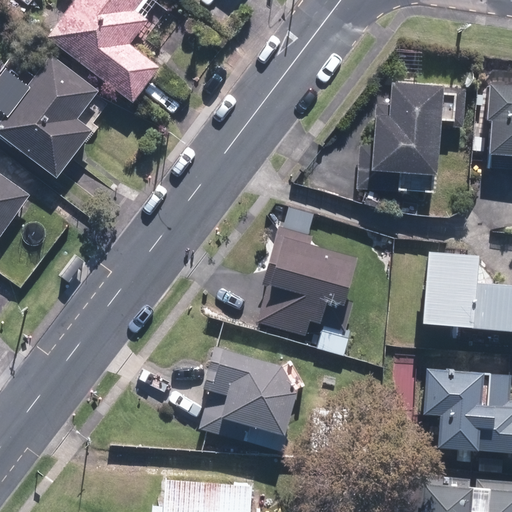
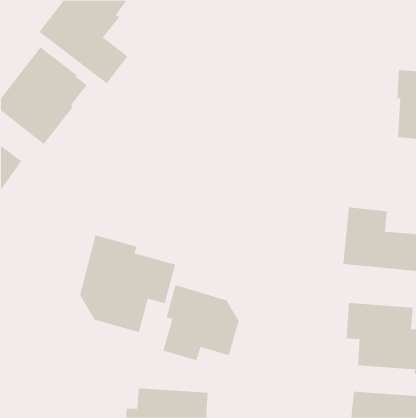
building: [358,84,466,193] -> none
building: [258,228,355,336] -> none
building: none -> [79,234,176,333]

